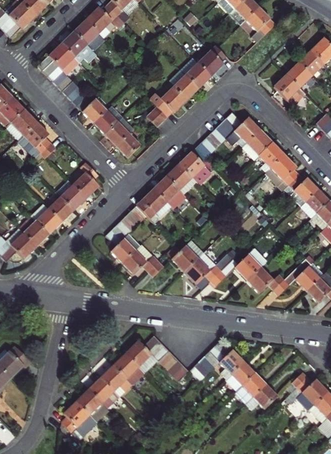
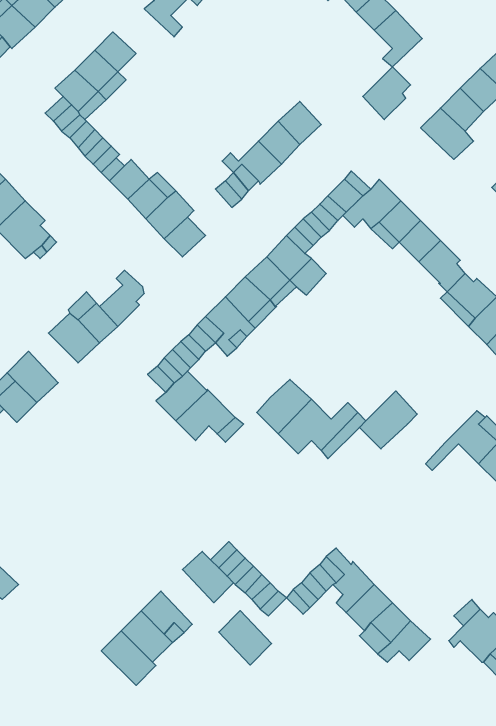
building: [84,11,121,43] -> none
building: [197,49,226,81] -> [363,67,411,120]
building: [33,207,63,237] -> none
building: [246,262,285,289] -> none
building: [113,350,145,383] -> [219,611,272,665]
building: [62,399,98,438] -> none

